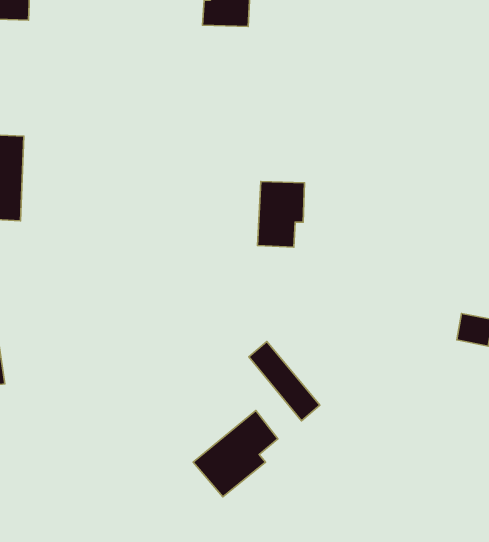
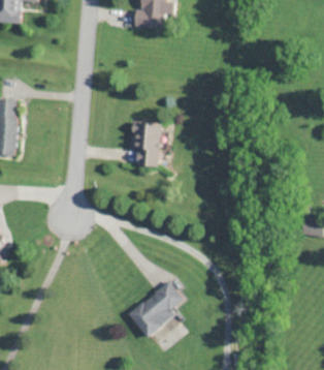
building: [258,181,305,247] -> [133,123,164,166]
building: [249,342,320,421] -> none

